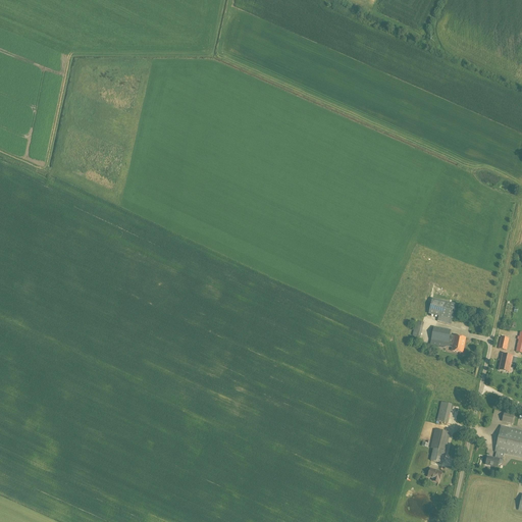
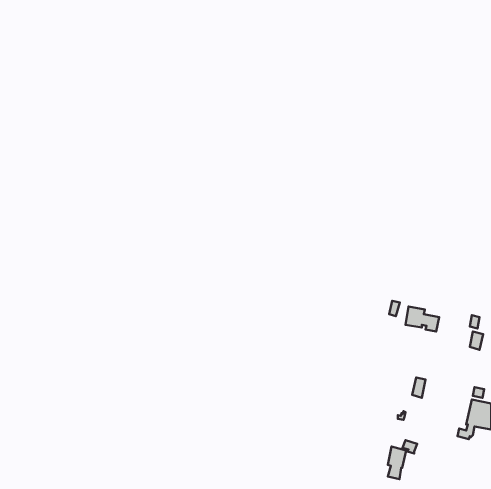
building: [428,298,456,323] -> none
building: [430,427,450,462] -> [388,447,406,479]

